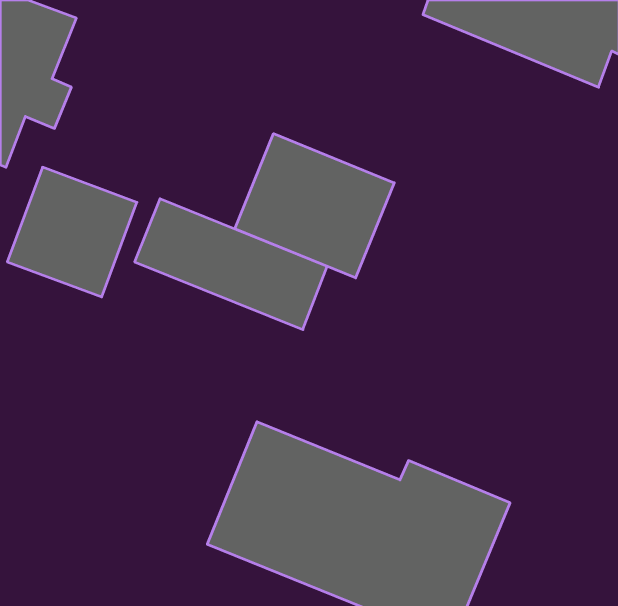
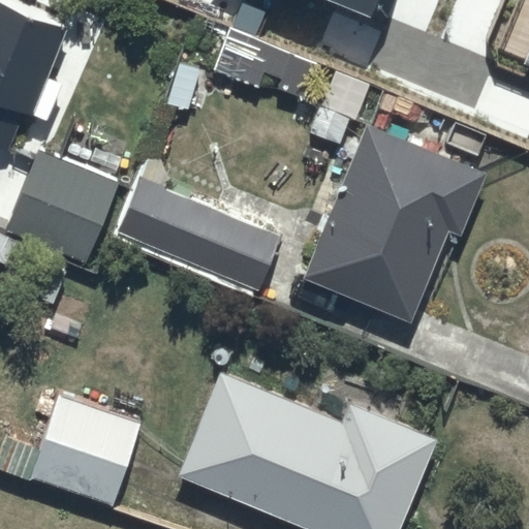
building: none -> [302,122,486,321]
building: [235,134,394,278] -> none
building: none -> [32,399,141,507]

